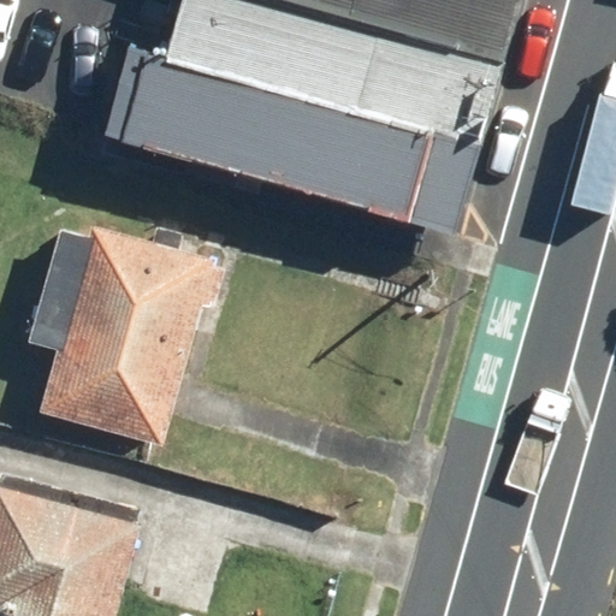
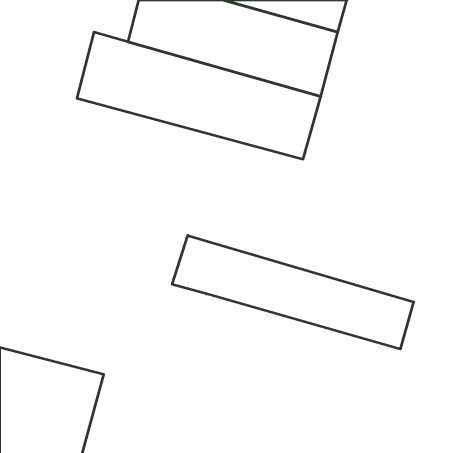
building: [28,226,213,445] -> none
building: none -> [172,235,414,349]

